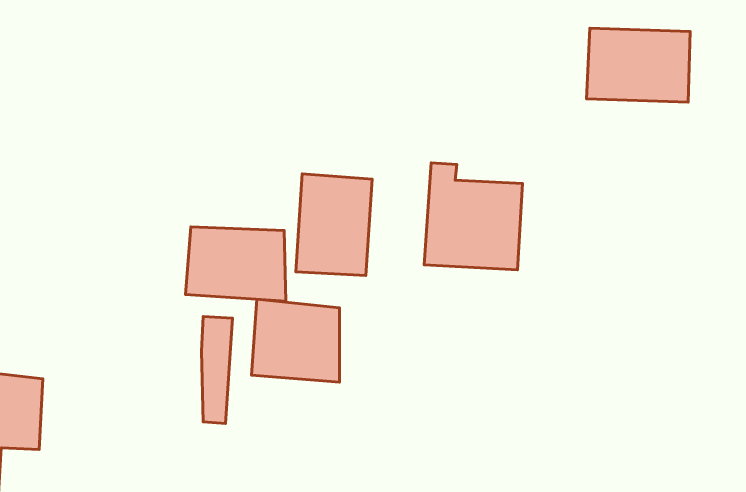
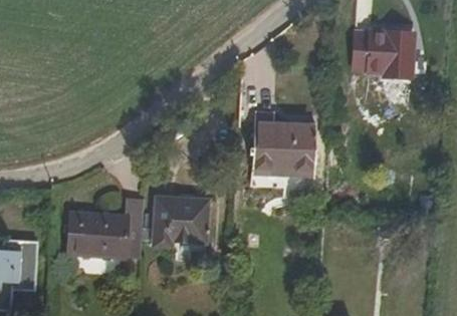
building: [296,174,372,275] -> none
building: [186,227,286,301] -> [69,219,128,262]

